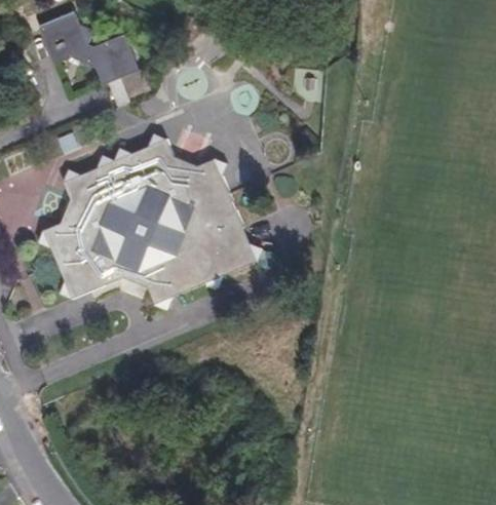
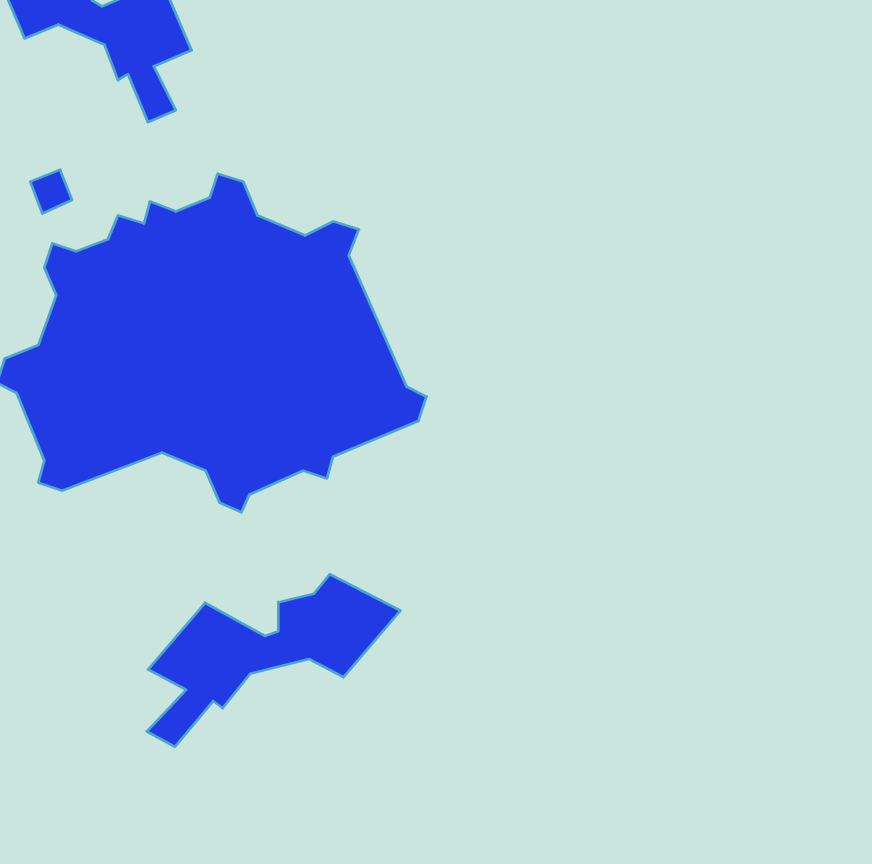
building: none -> [147,574,400,747]

